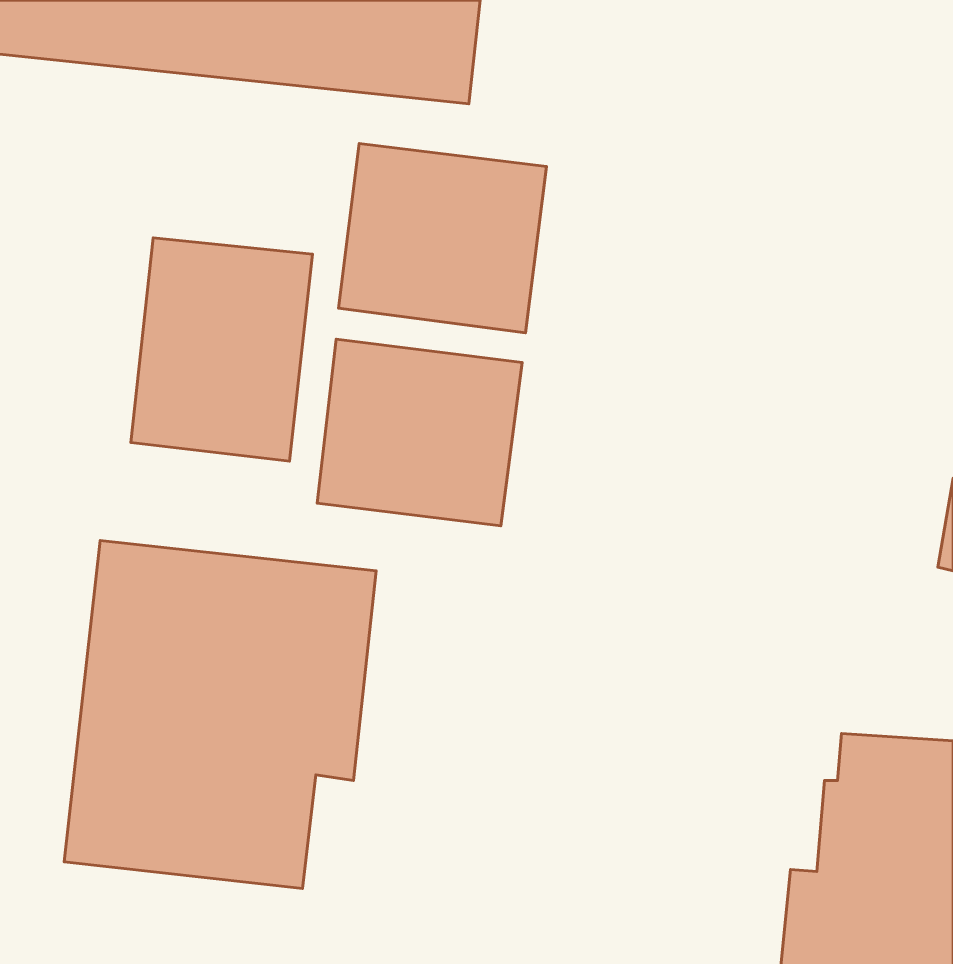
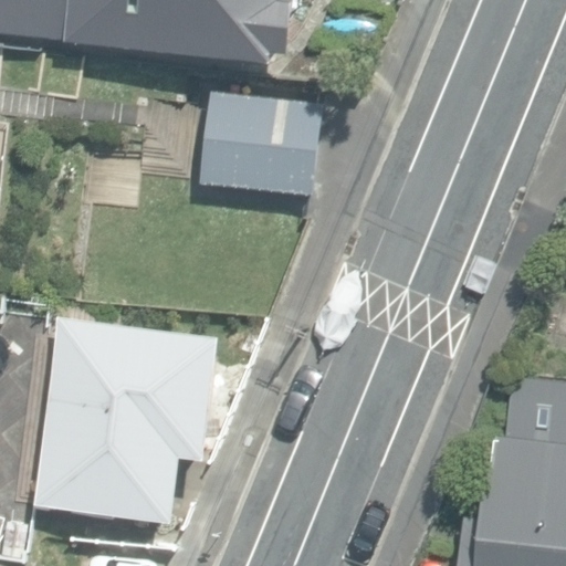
building: [131,238,312,461] -> none
building: [317,339,522,526] -> none

